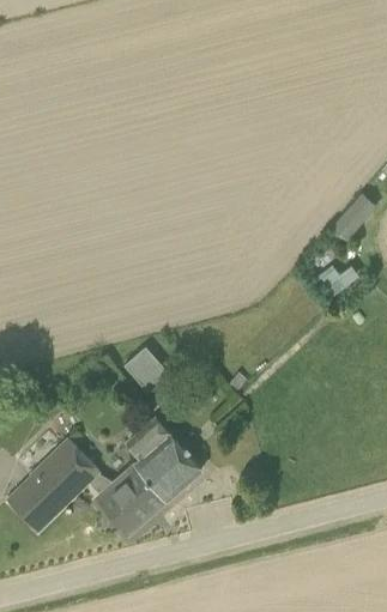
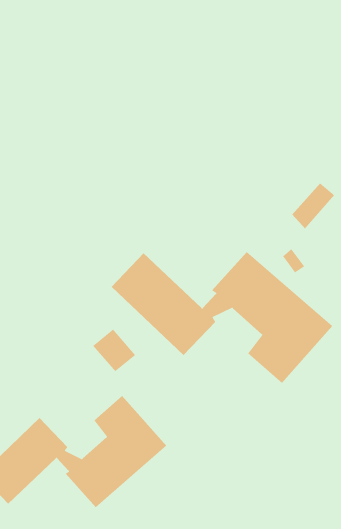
building: none -> [111,251,333,384]

